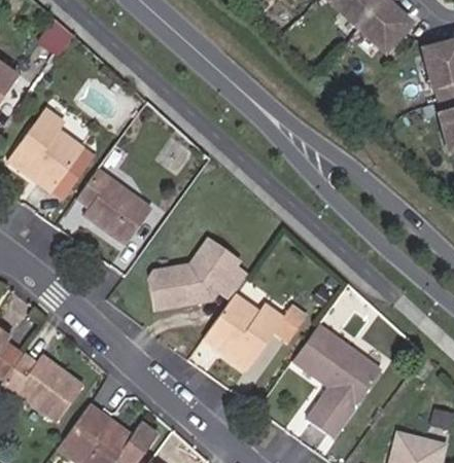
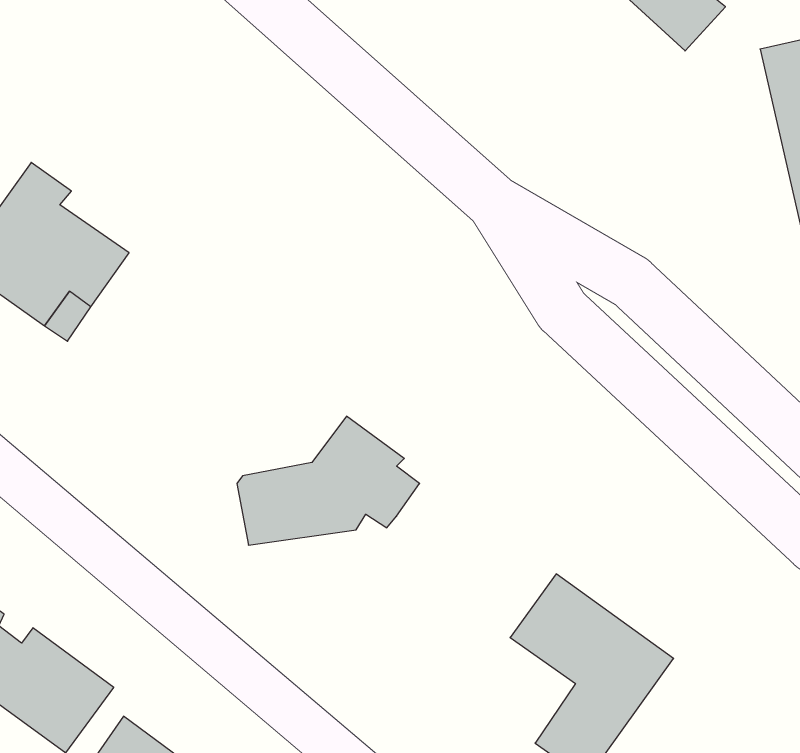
building: [67,168,149,244] -> none
building: [203,295,306,369] -> none

